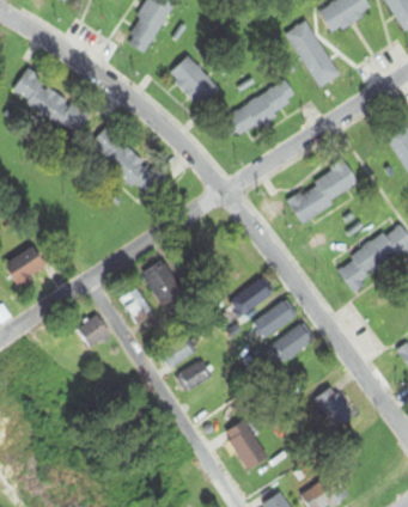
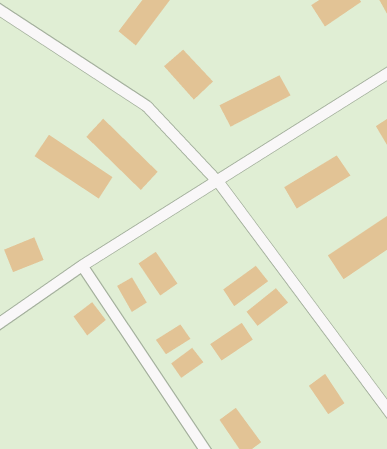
building: [285,19,334,79] -> none
building: [10,69,91,136] -> [33,134,113,200]
building: [269,322,315,362] -> [209,322,254,362]

